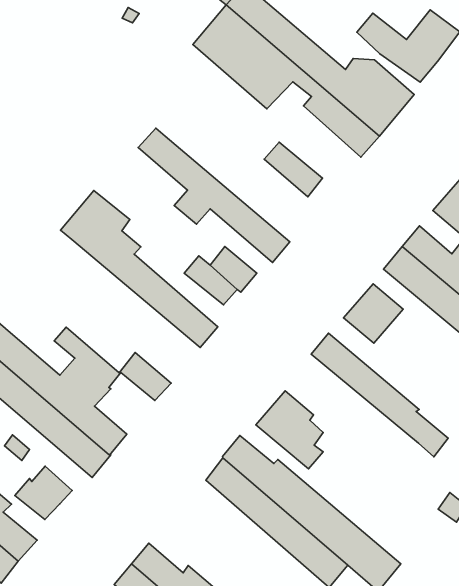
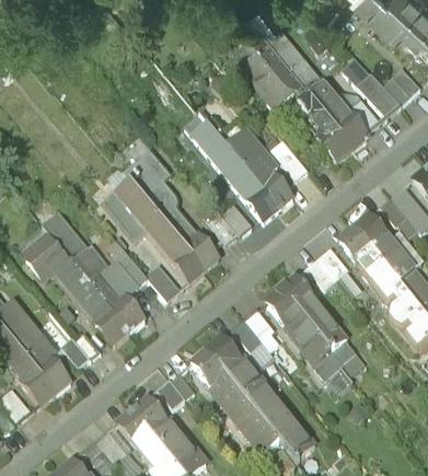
building: none -> [206,119,292,210]
building: none -> [103,183,206,286]
building: none -> [265,289,350,391]
building: none -> [158,374,196,408]

